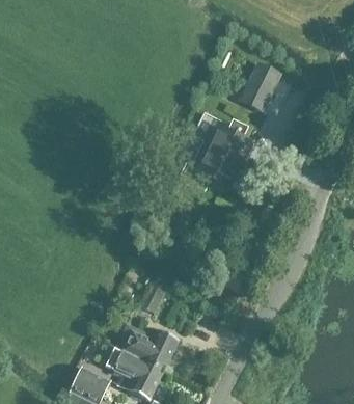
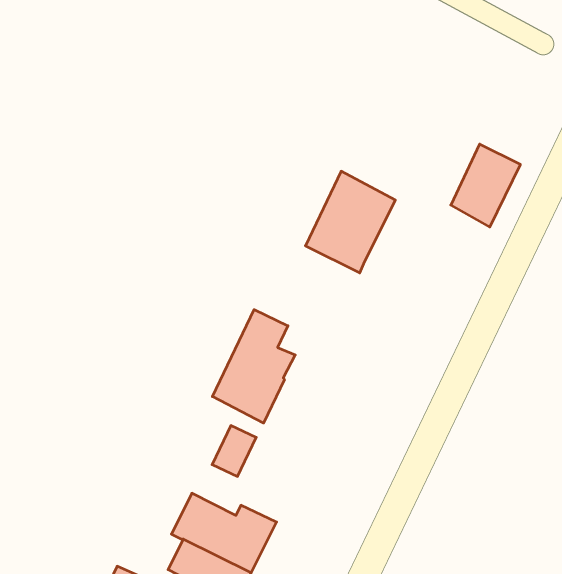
building: [237,60,279,111] -> [451,144,520,227]
building: none -> [212,310,295,423]

